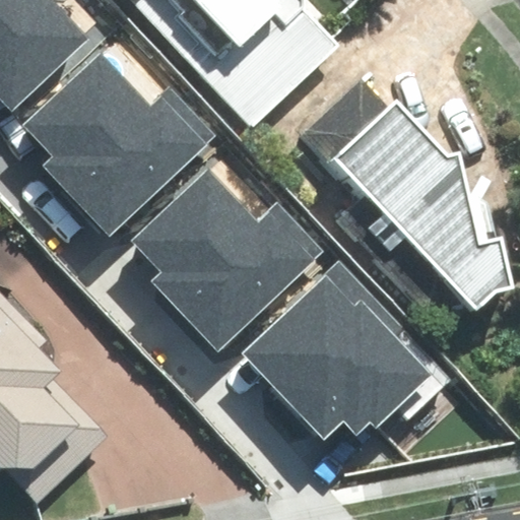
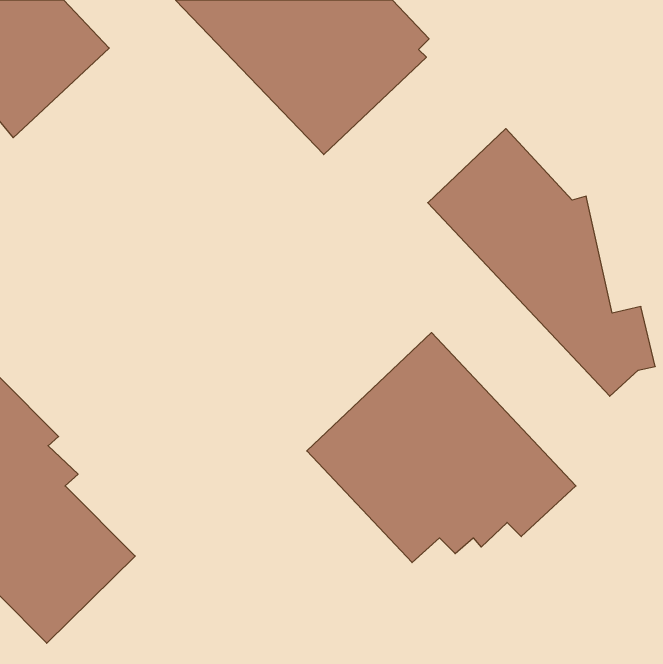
building: [24,53,212,234] -> none
building: [133,171,320,347] -> none

